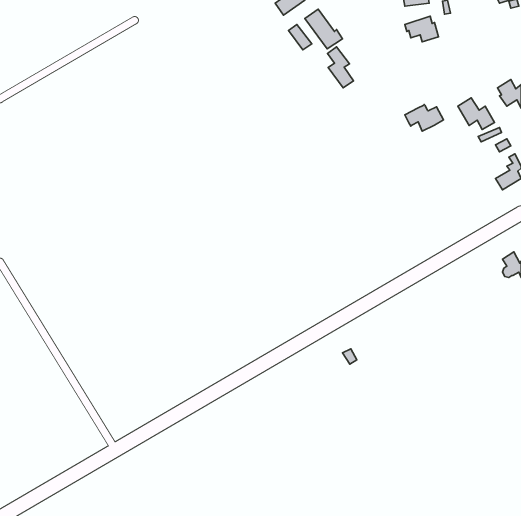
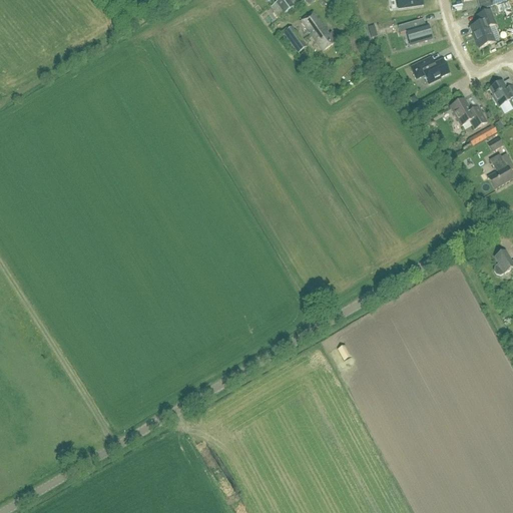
building: none -> [470,8,495,45]
building: [327,47,354,88] -> none
building: [405,105,444,131] -> [411,55,449,81]

